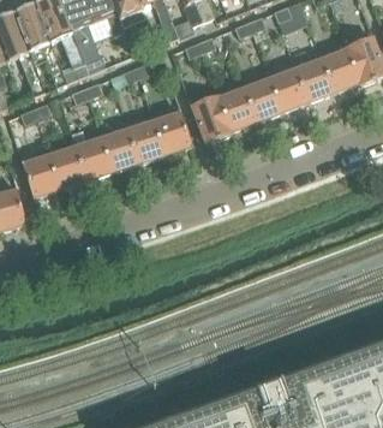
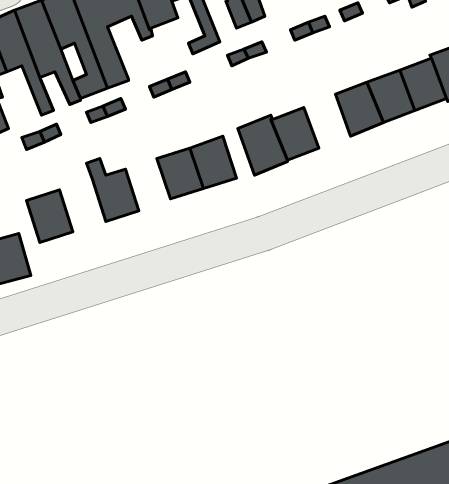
building: [245,78,282,121] -> none
building: [102,130,138,172] -> none
building: [49,147,86,189] -> none

